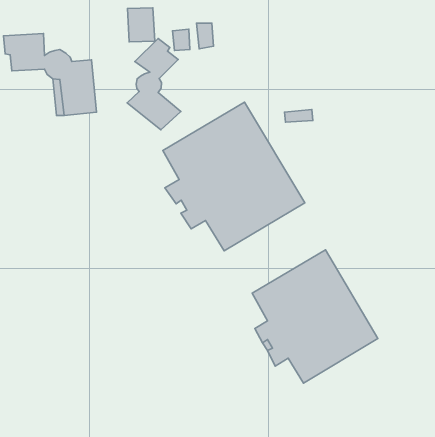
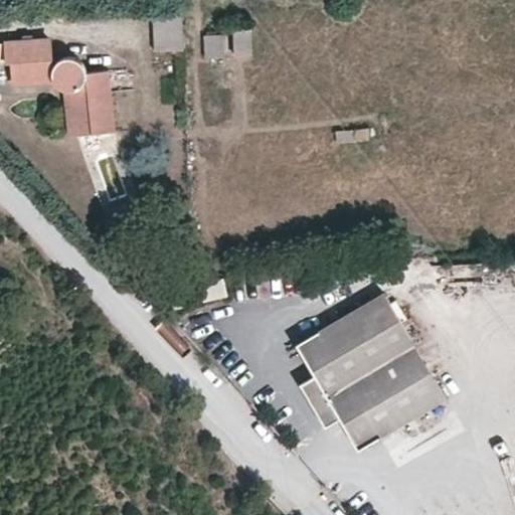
building: [127,38,181,130] -> none
building: [163,102,305,251] -> none

